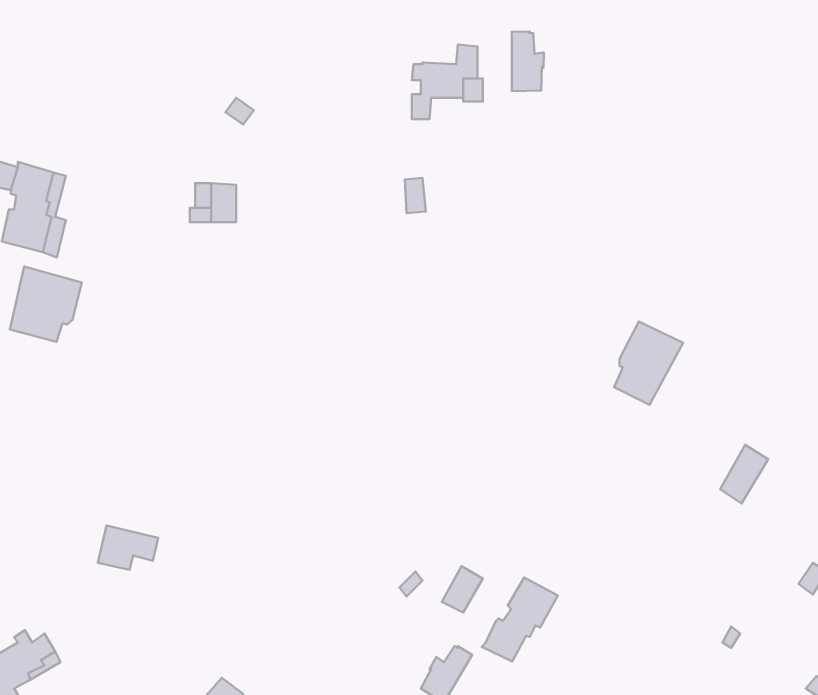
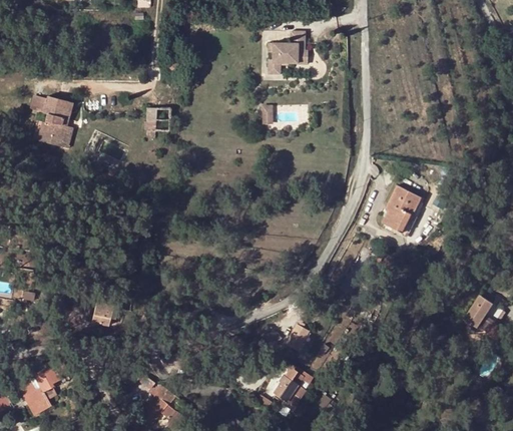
building: [512,31,544,91] -> none
building: [10,266,82,342] -> none
building: [720,445,768,504] -> [465,295,492,328]
building: [482,577,558,662] -> none

